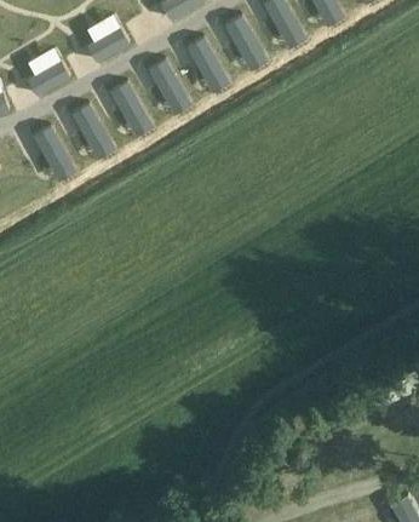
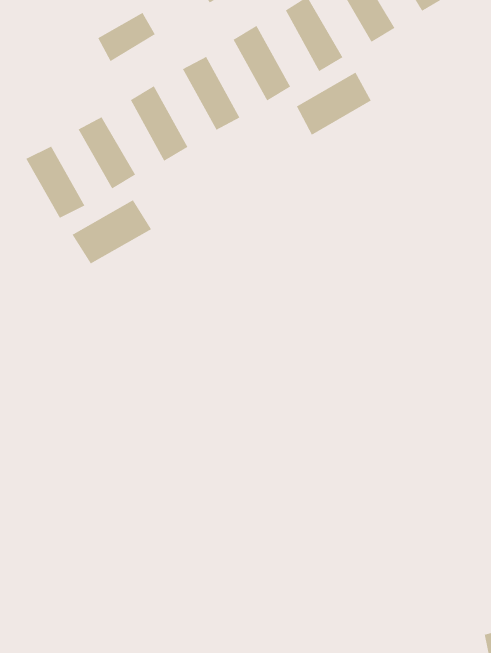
building: [25,59,69,94] -> none
building: none -> [296,72,372,136]
building: none -> [71,199,152,265]

